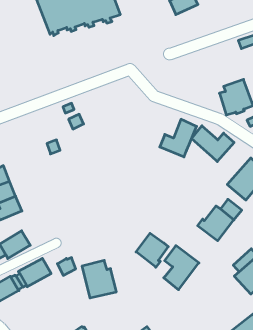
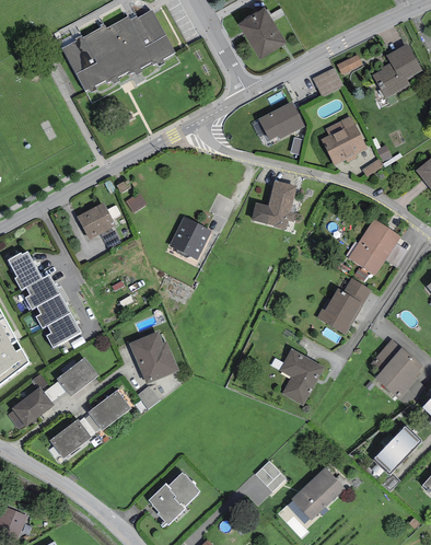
building: none -> [248,24,287,59]
building: none -> [313,67,343,97]
building: none -> [258,101,305,140]
building: none -> [77,202,116,239]
building: [191,126,234,162] -> none
building: none -> [168,216,211,259]
building: [136,233,168,267] -> none
building: [82,260,116,298] -> [129,331,179,383]

